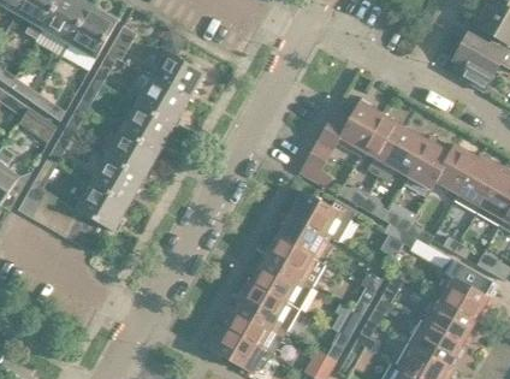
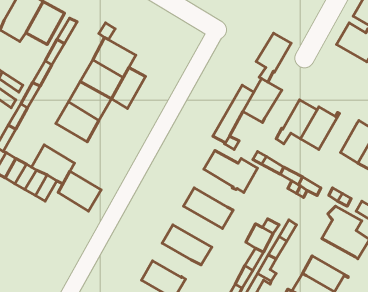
building: none -> [112,68,146,108]
building: [363,116,407,176] -> [256,33,291,82]
building: [431,144,478,193] -> none
building: [91,156,144,206] -> [58,171,101,211]
building: [277,213,328,260] -> none
building: [250,259,312,309] -> none
building: [422,298,475,345] -> none
building: [225,304,285,353] -> none

